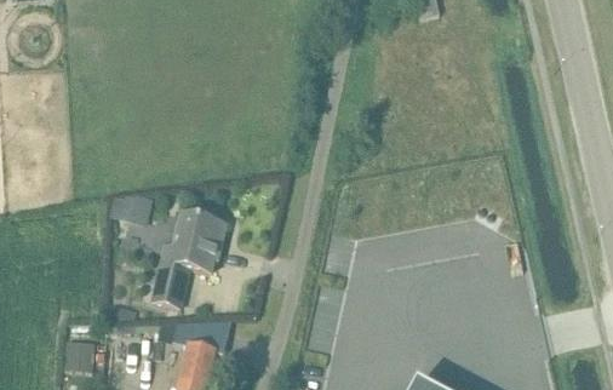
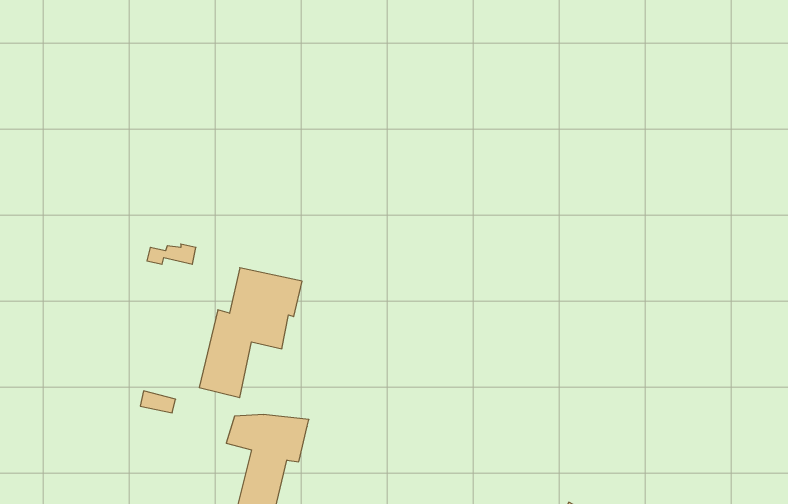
building: [64,340,93,369] -> none

